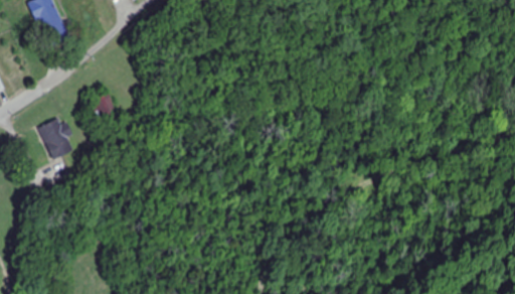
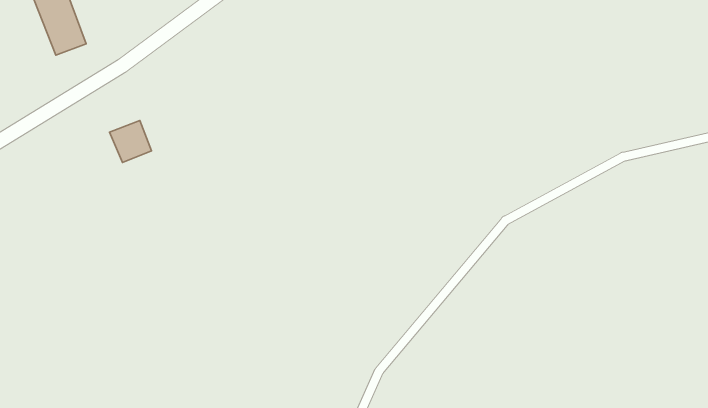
building: [39,119,71,158] -> none

